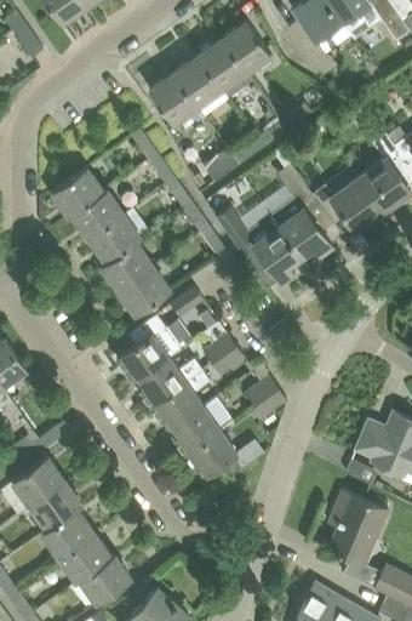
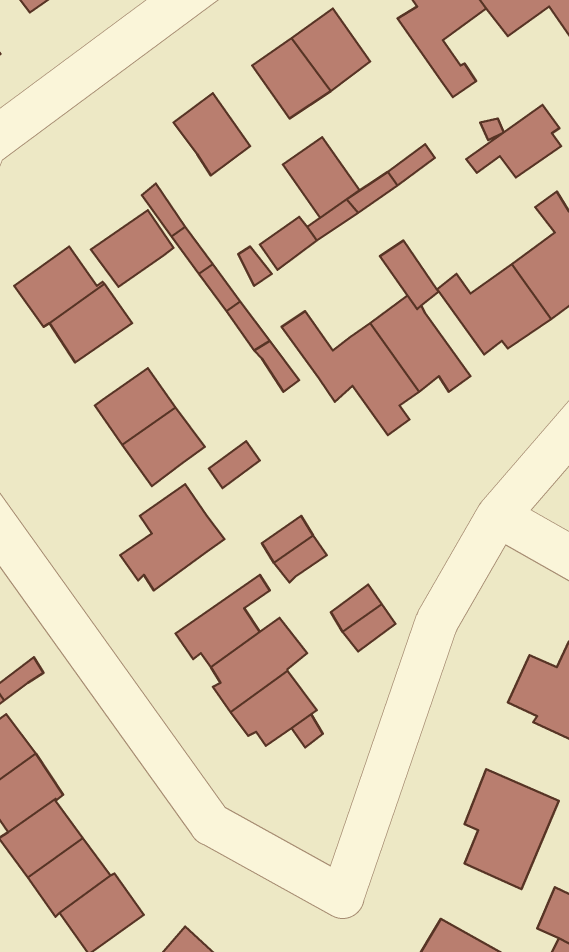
building: [173,57,221,107] -> [283,137,359,218]
building: none -> [466,105,561,177]
building: [88,216,139,263] -> [91,210,173,287]
building: [137,358,202,408] -> none

